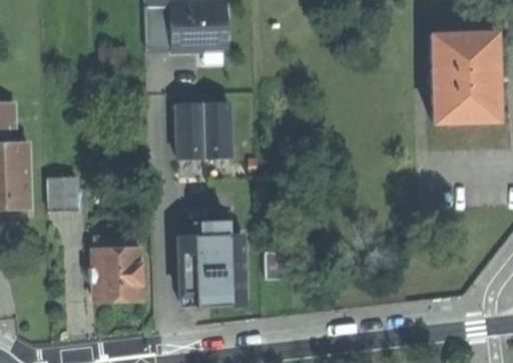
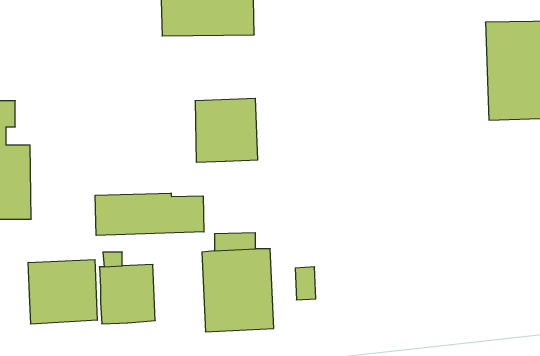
building: [48,176,78,211] -> none
building: none -> [95,193,204,235]
building: none -> [28,260,97,324]

